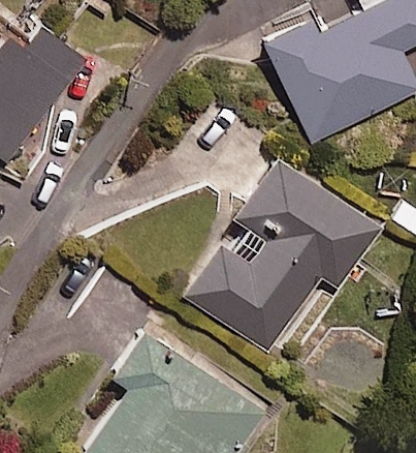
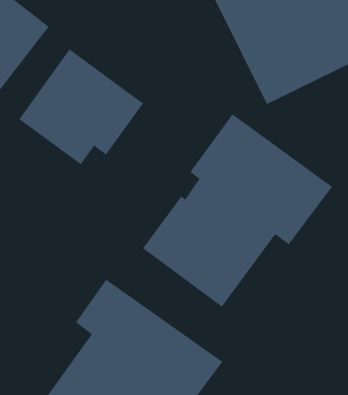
building: none -> [18,48,144,165]

